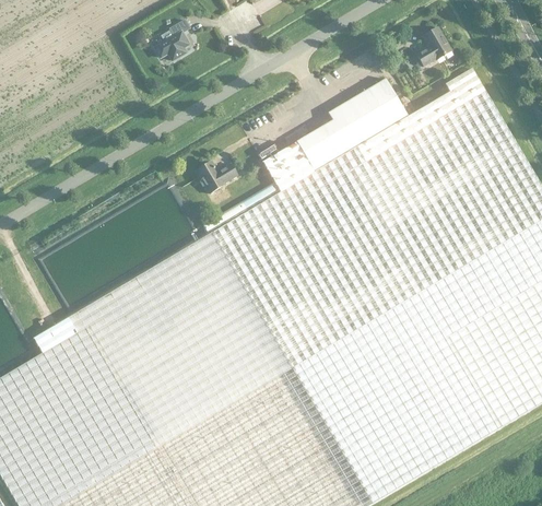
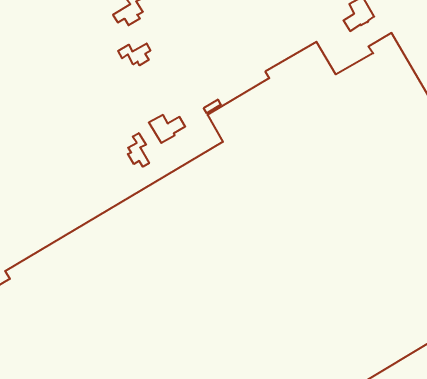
building: none -> [118,43,150,65]
building: none -> [128,133,149,167]

